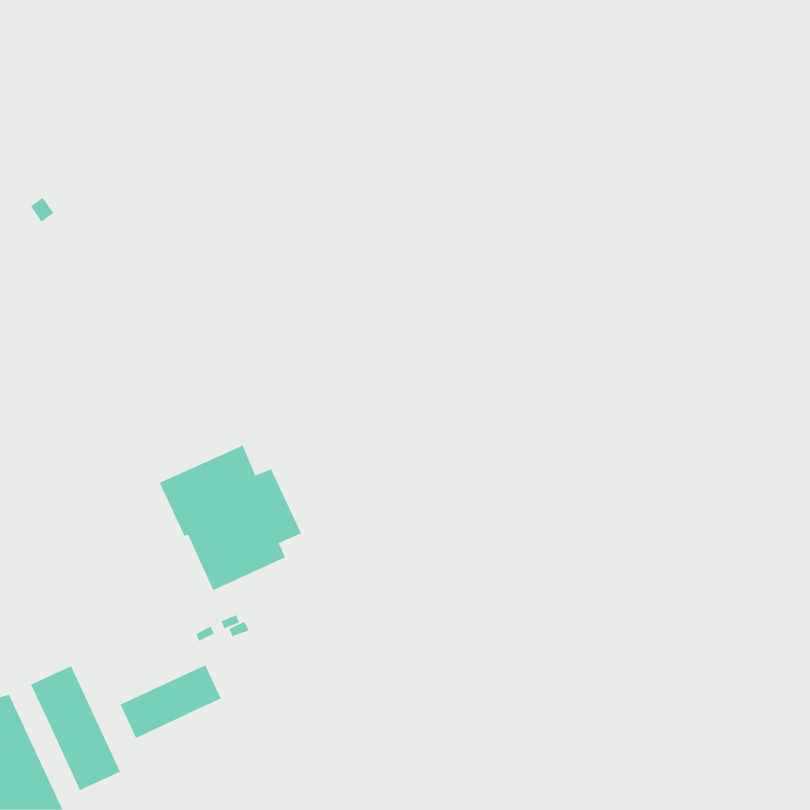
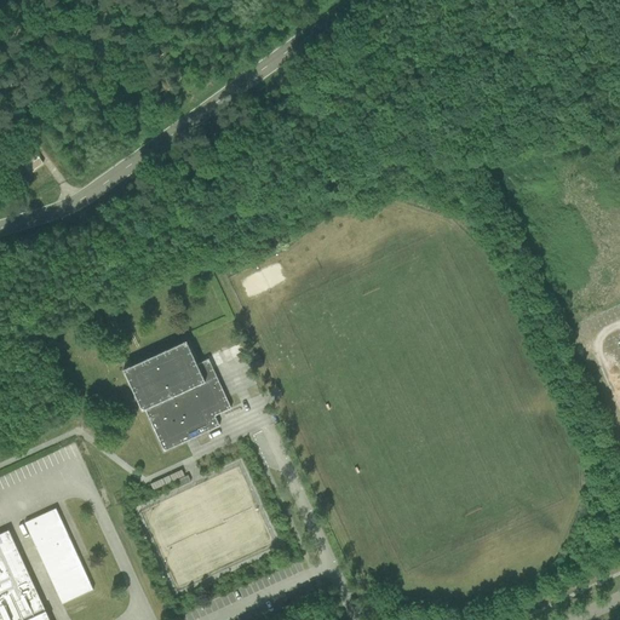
building: [120,665,222,739] -> none

